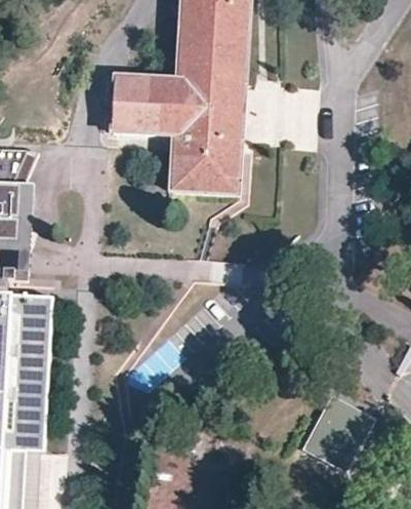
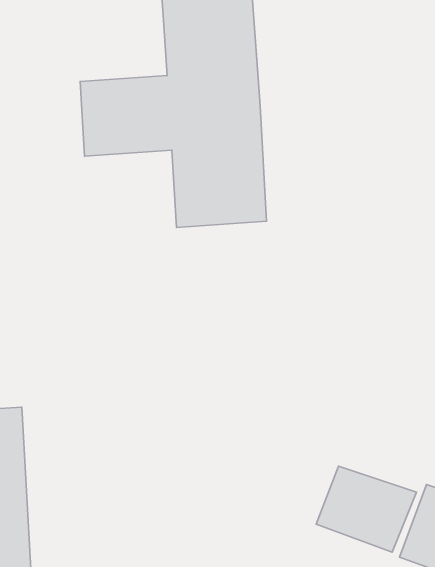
building: none -> [316,466,416,552]

